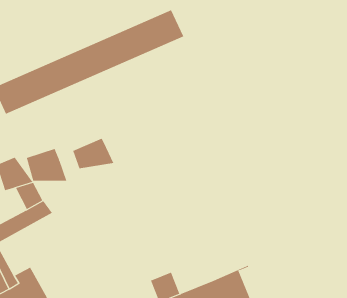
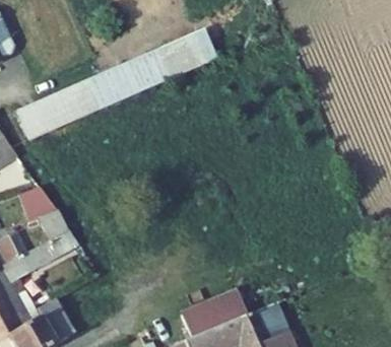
building: [73,138,114,169] -> none
building: [26,148,67,182] -> none
building: none -> [204,291,248,329]

